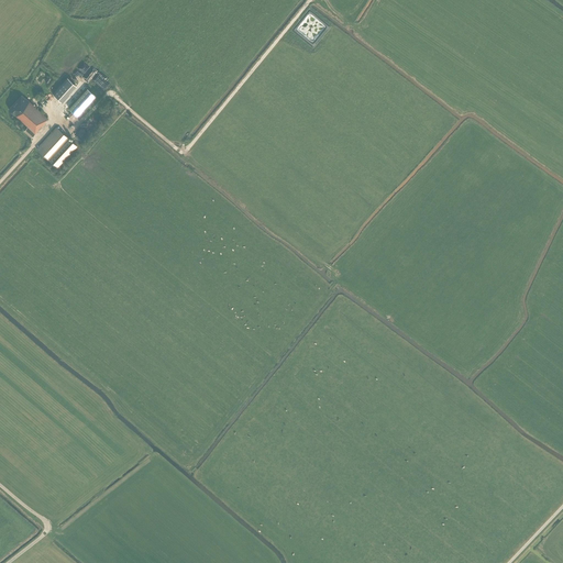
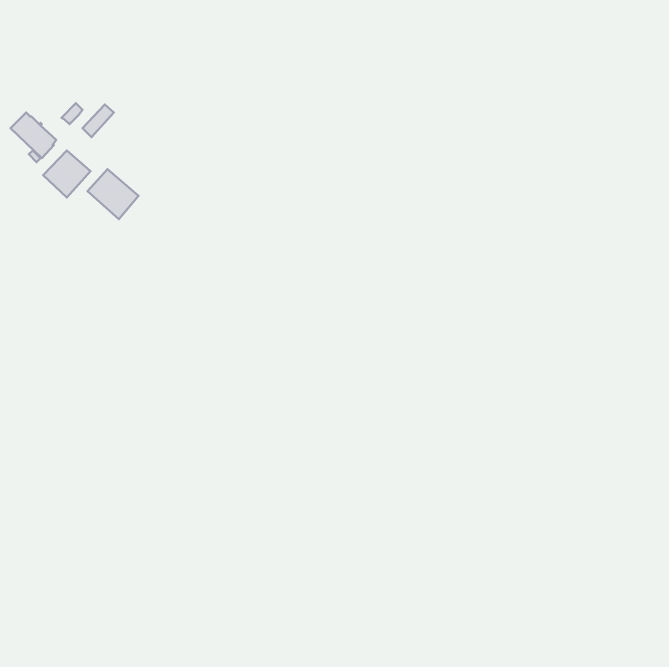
building: none -> [87,169,139,219]

